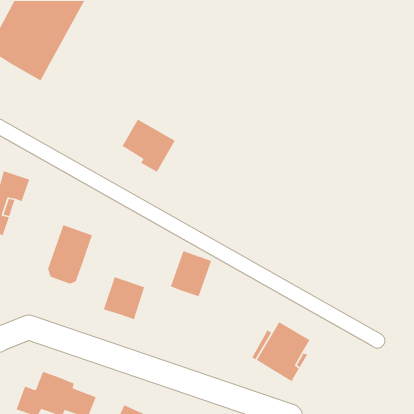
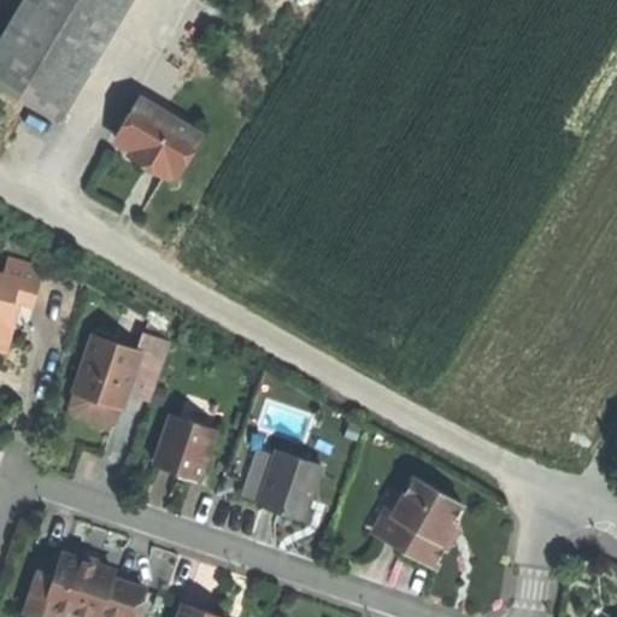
building: [121,118,176,173] -> [113,99,194,180]
building: none -> [124,335,169,399]
building: [170,250,212,297] -> [257,448,319,518]

